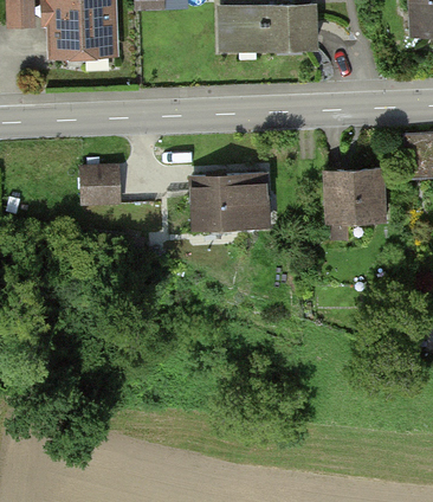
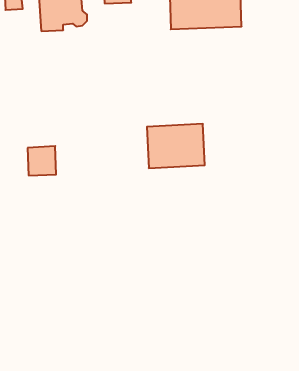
building: [83,166,119,204] -> [28,146,56,175]
building: [328,168,383,221] -> none

